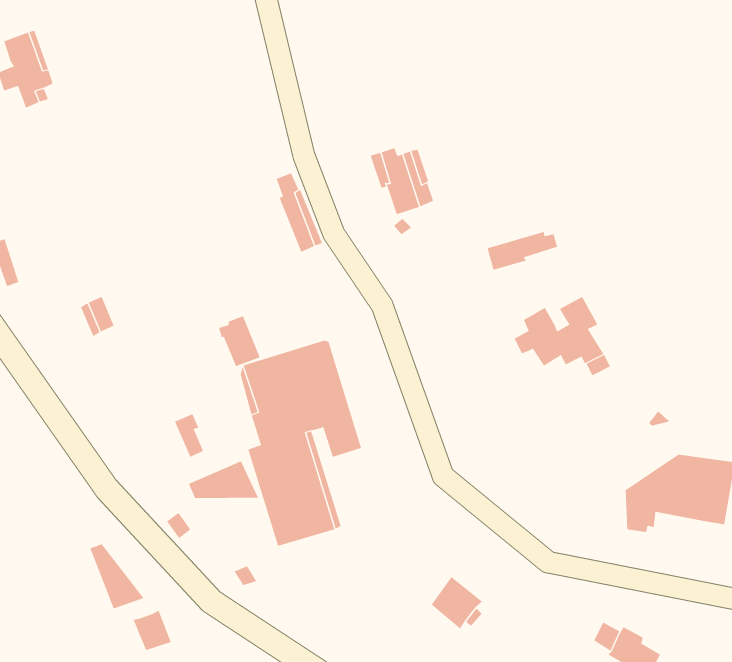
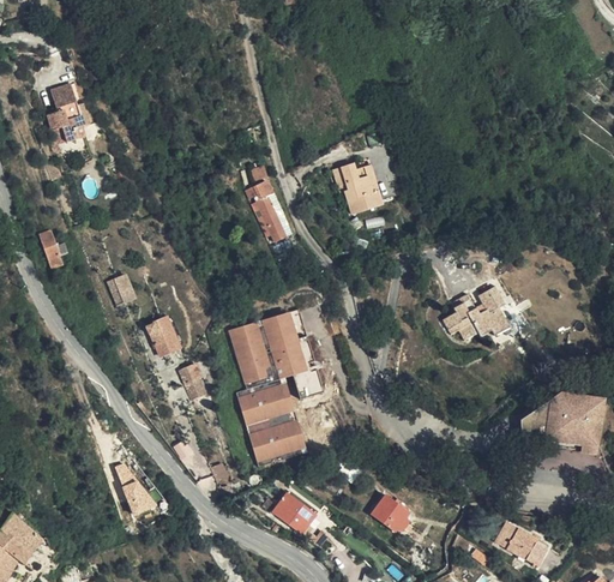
building: [487,231,558,270] -> none
building: [218,315,261,367] -> [146,317,179,356]
building: [188,460,259,499] -> none
building: none -> [271,493,315,535]
building: [133,610,171,651] -> none

